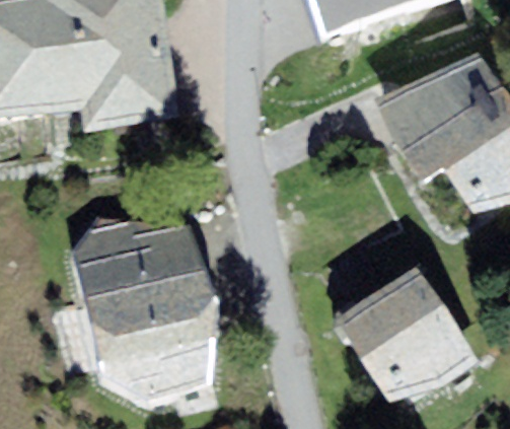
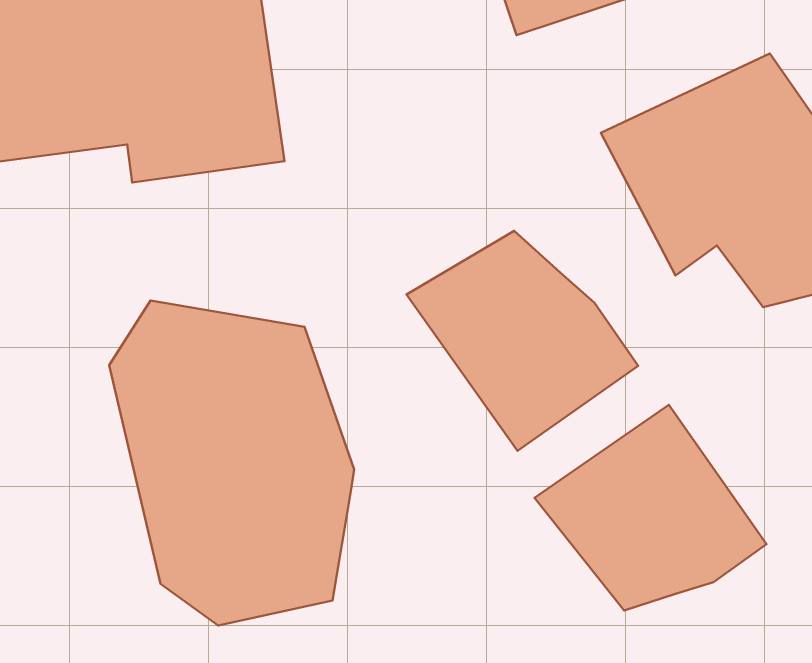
building: none -> [406,231,638,451]

